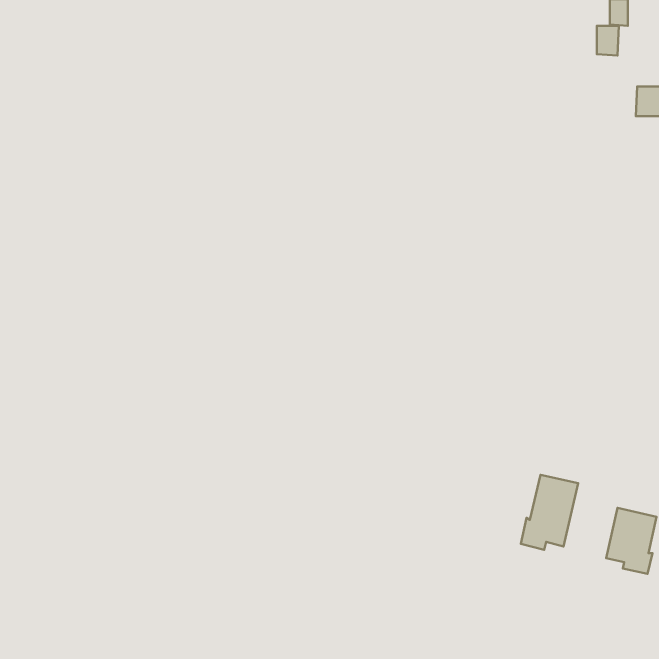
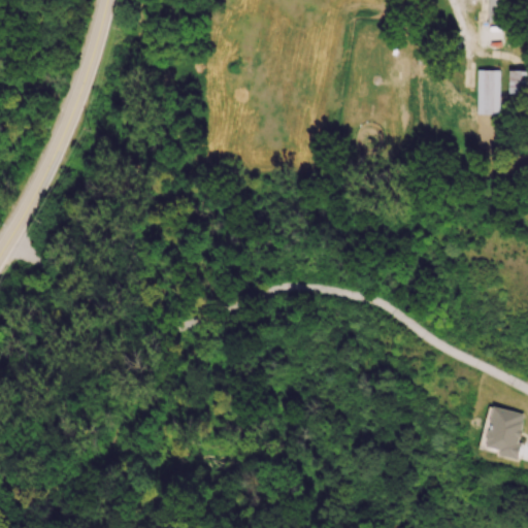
building: none -> [477,69,500,113]
building: [521,475,578,550] -> none

